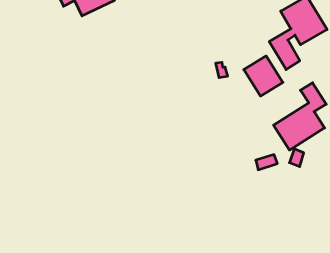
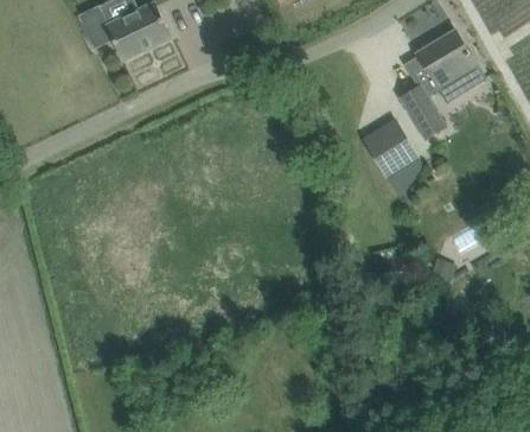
building: [274,83,326,150] -> none

